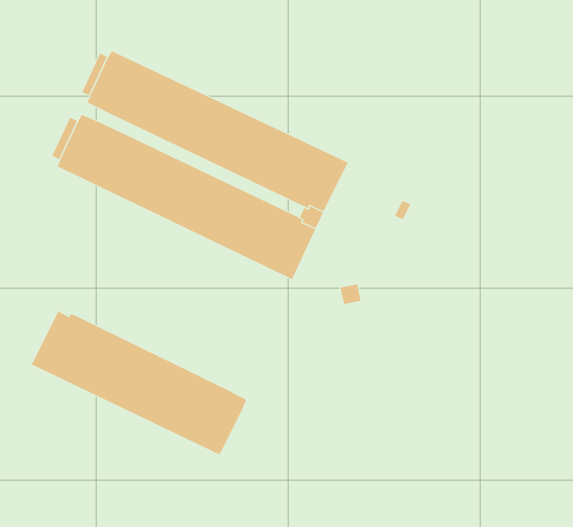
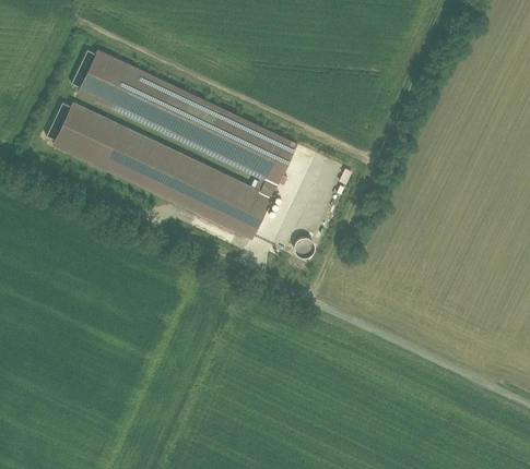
building: [31,311,247,455] -> none

